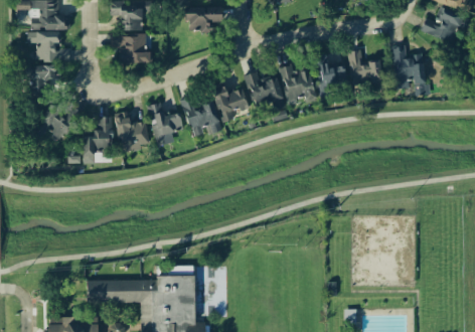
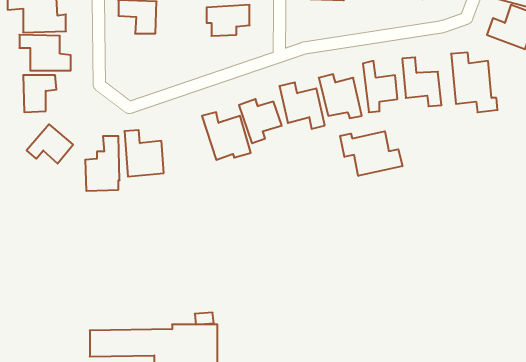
building: [113,35,153,62] -> none
building: [149,103,183,146] -> none
building: none -> [340,131,402,176]

